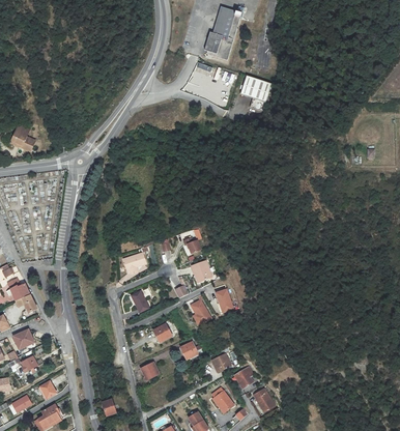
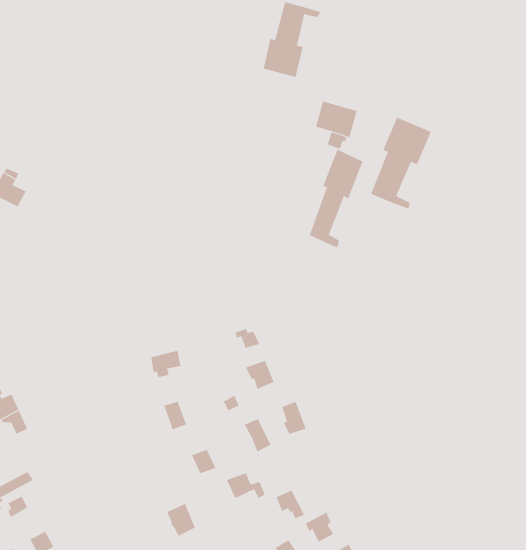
building: none -> [371,117,432,209]
building: none -> [309,149,363,248]

